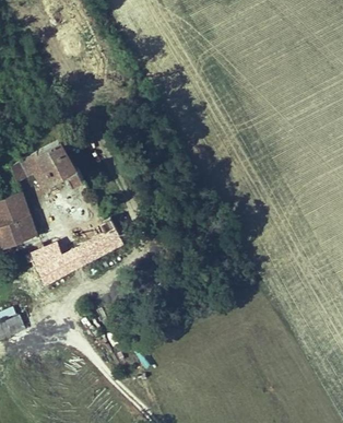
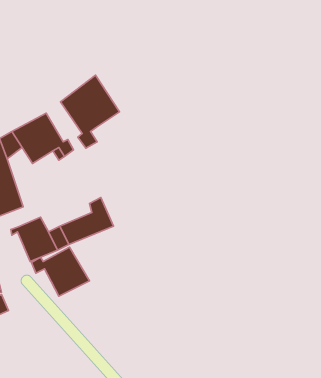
building: none -> [61,75,119,148]
building: none -> [31,247,89,296]

